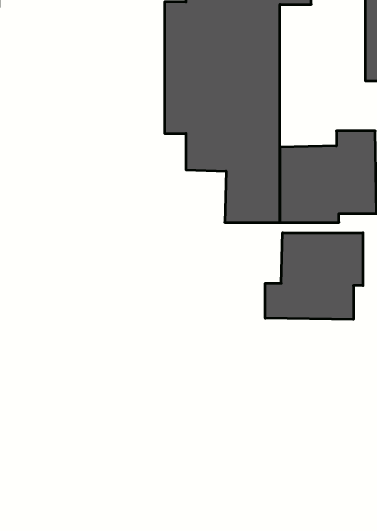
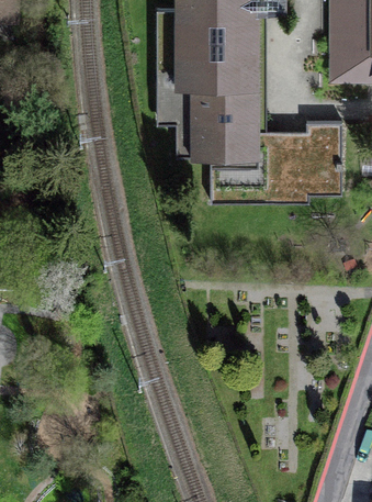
building: [265,233,363,319] -> none

